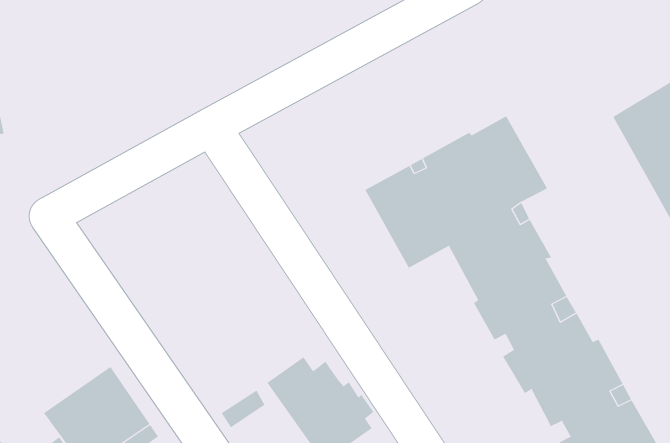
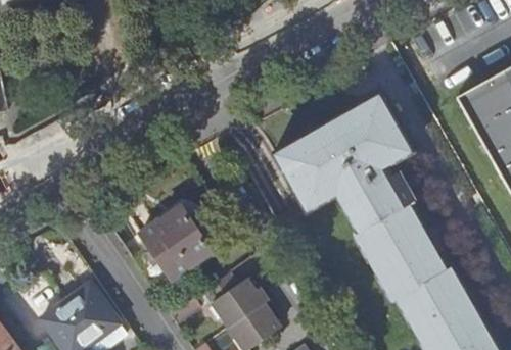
building: none -> [139,207,210,280]

